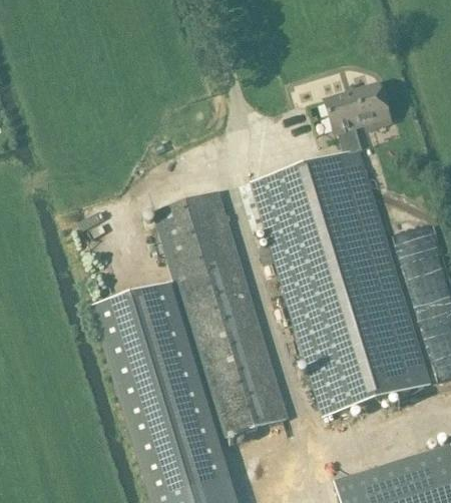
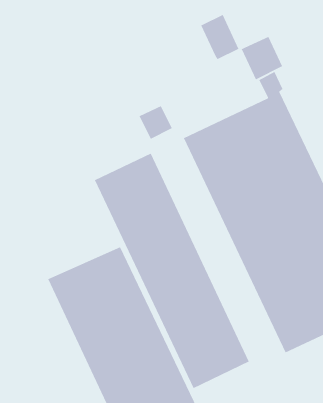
building: [354,83,390,129] -> [200,14,239,60]
building: none -> [138,105,173,140]

